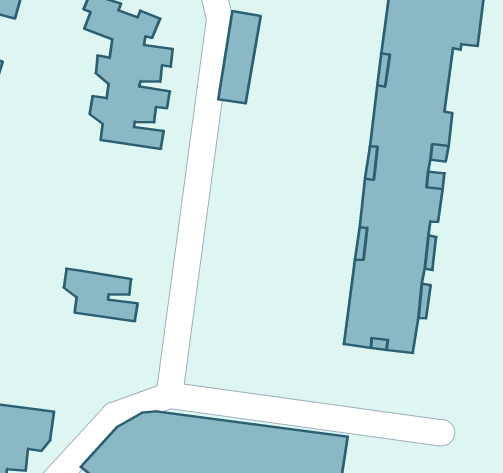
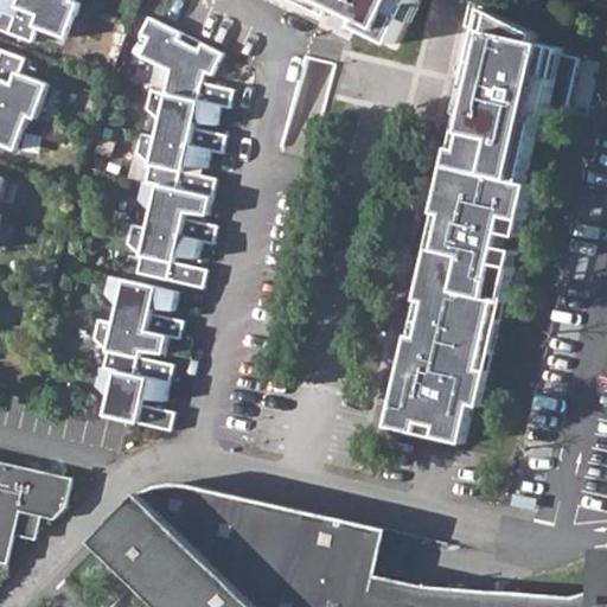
building: none -> [123,180,213,288]
building: none -> [100,274,178,339]
building: none -> [89,368,168,429]

